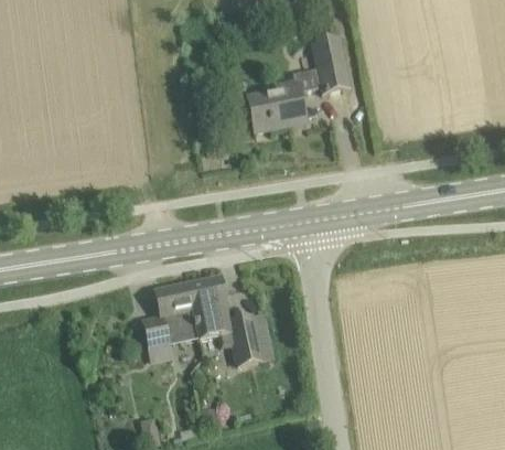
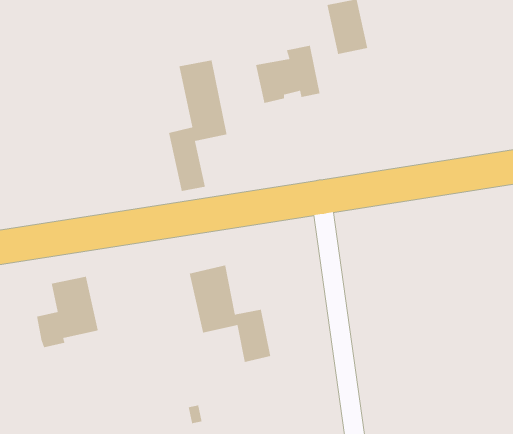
building: none -> [168,60,227,192]
building: [144,285,202,350] -> [36,276,100,348]

